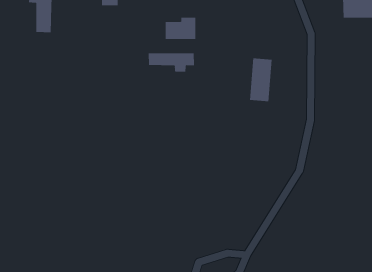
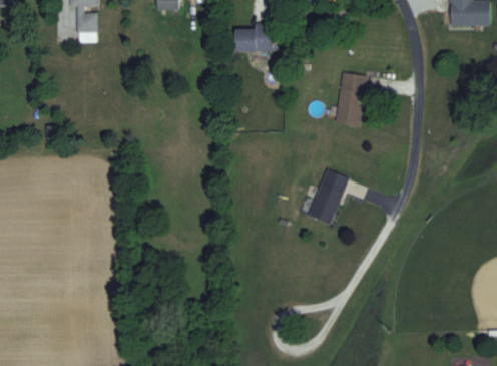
building: [148,52,194,72] -> none
building: none -> [309,169,349,224]

